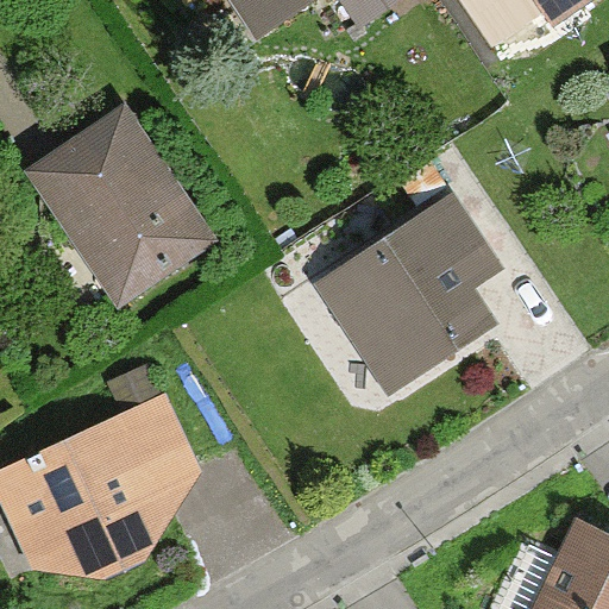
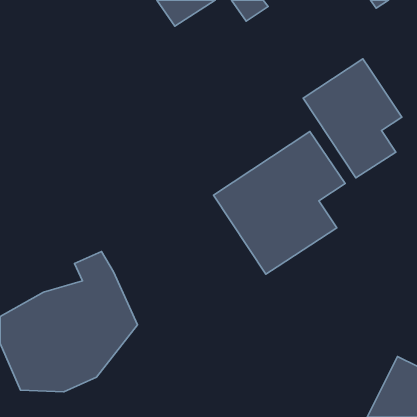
building: none -> [303,59,402,178]
building: [23,100,215,308] -> none

